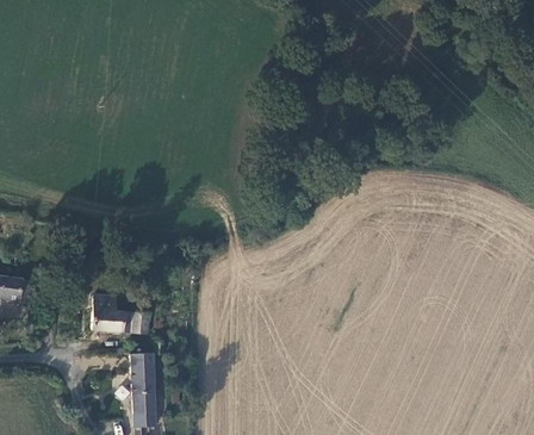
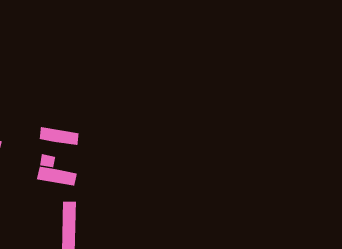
building: none -> [39,126,79,146]

